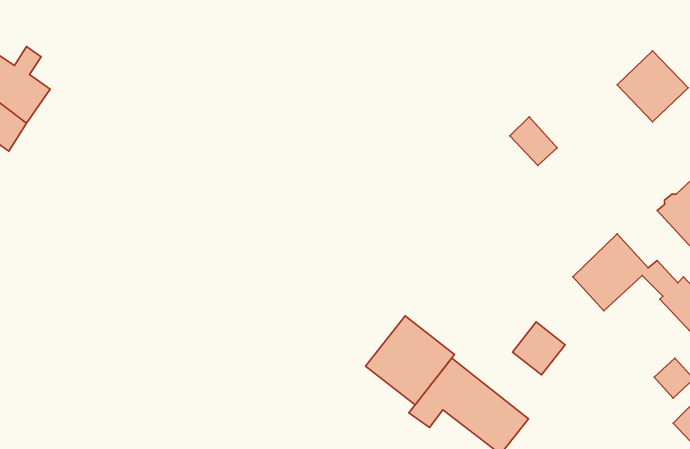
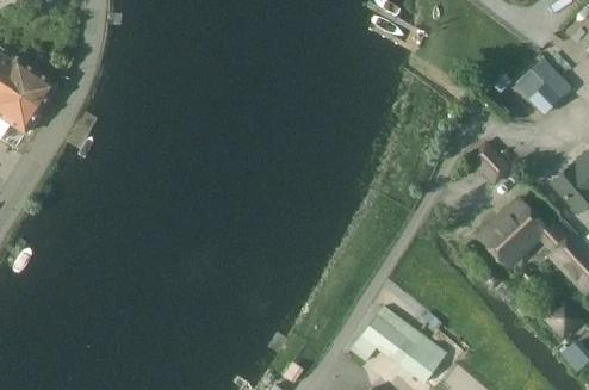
building: [510,117,557,165] -> [471,142,509,181]
building: [366,316,455,405] -> none
building: [512,322,565,375] -> none

